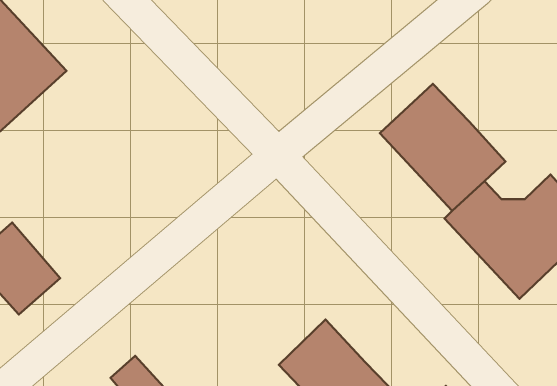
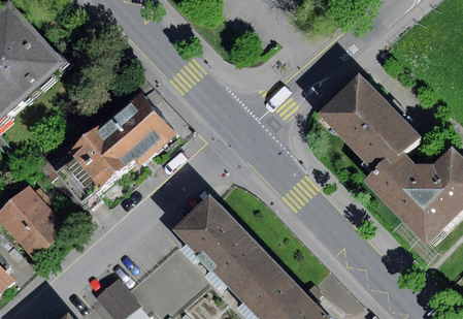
building: none -> [48,90,173,200]
building: none -> [175,196,275,297]

